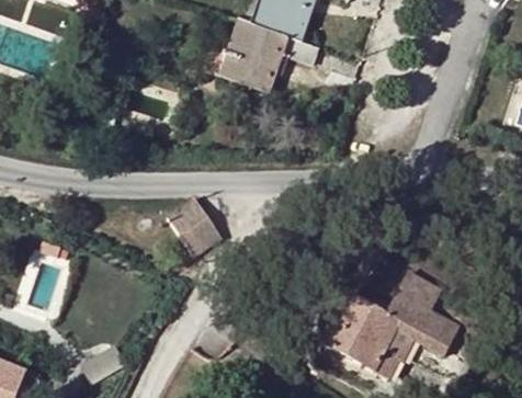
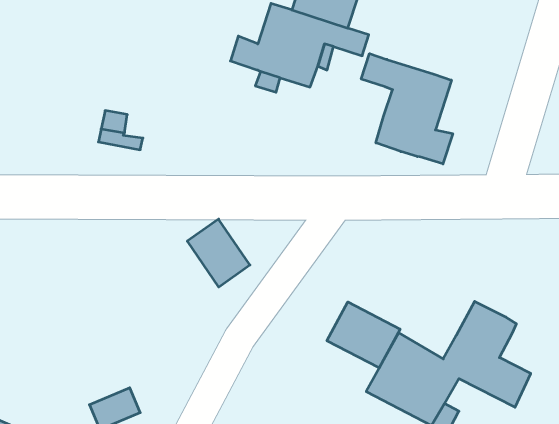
building: none -> [361,54,453,164]
building: none -> [327,302,400,368]

